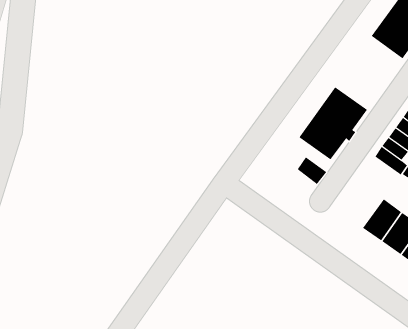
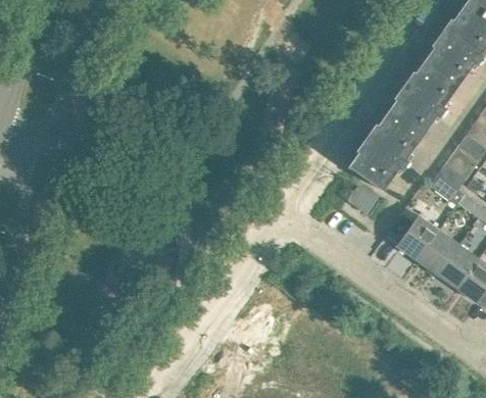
building: none -> [388,59,459,137]
building: none -> [386,214,439,260]

